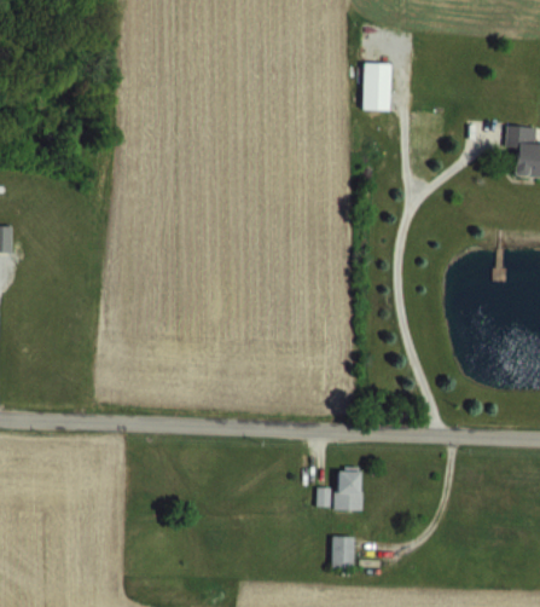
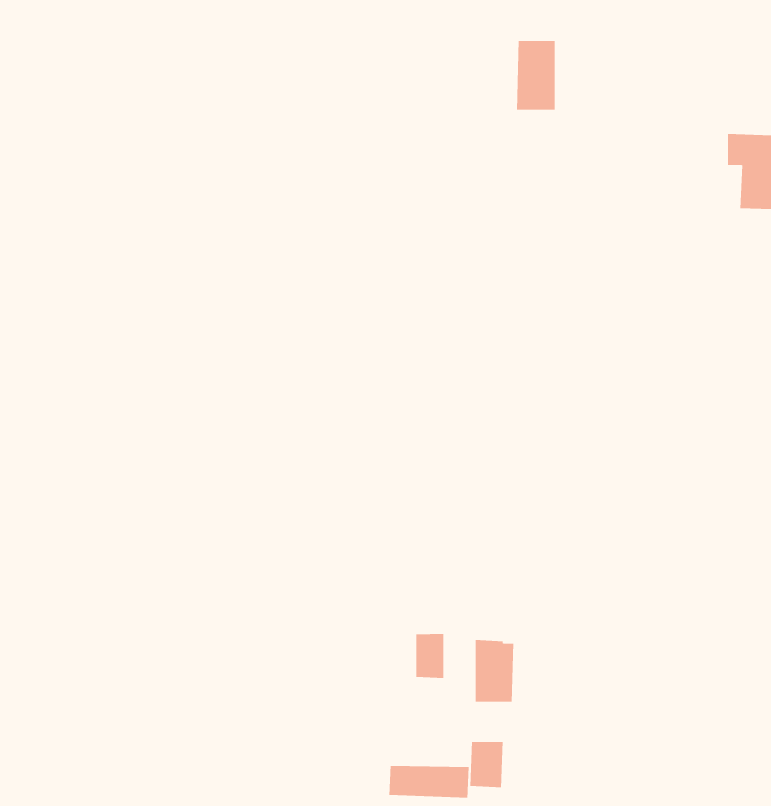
building: none -> [416,633,444,679]
building: none -> [389,765,469,798]

